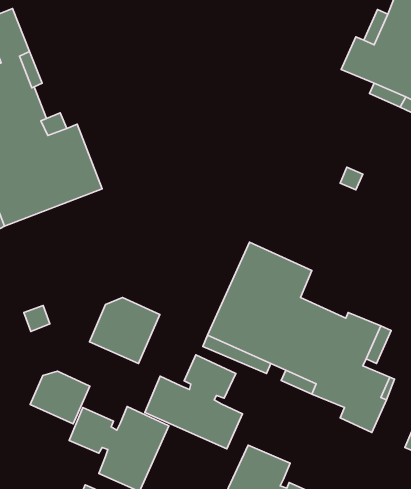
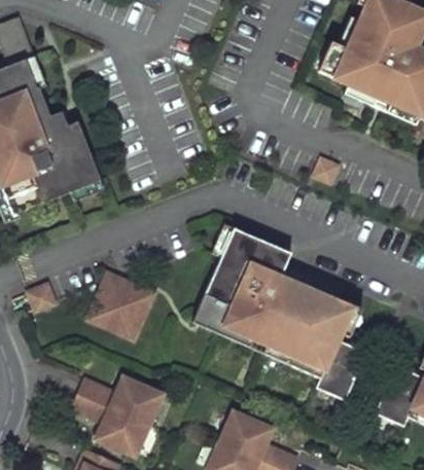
building: [145,355,242,449] -> none
building: [30,371,90,424] -> none

